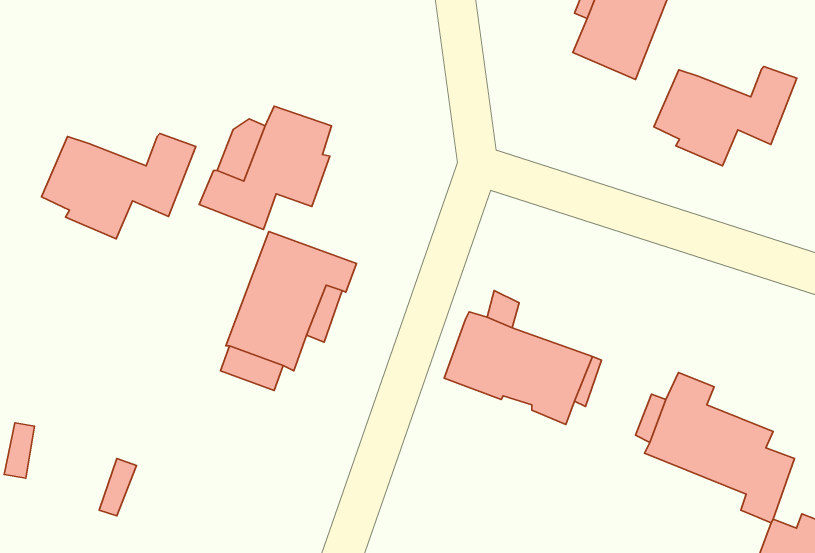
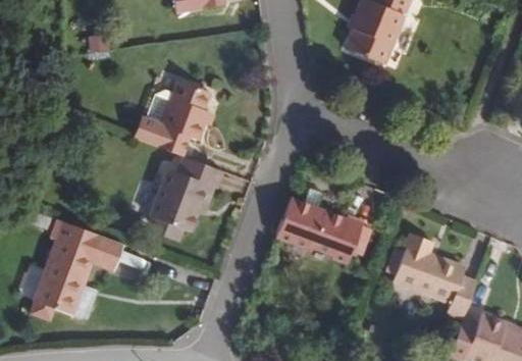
building: [654,66,797,166] -> none
building: [41,134,196,239] -> none
building: none -> [31,220,123,320]

